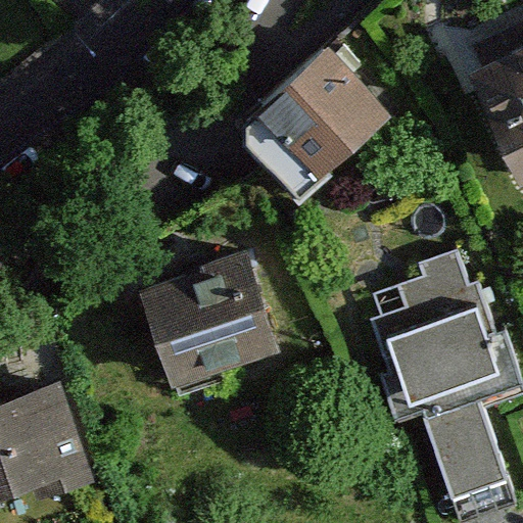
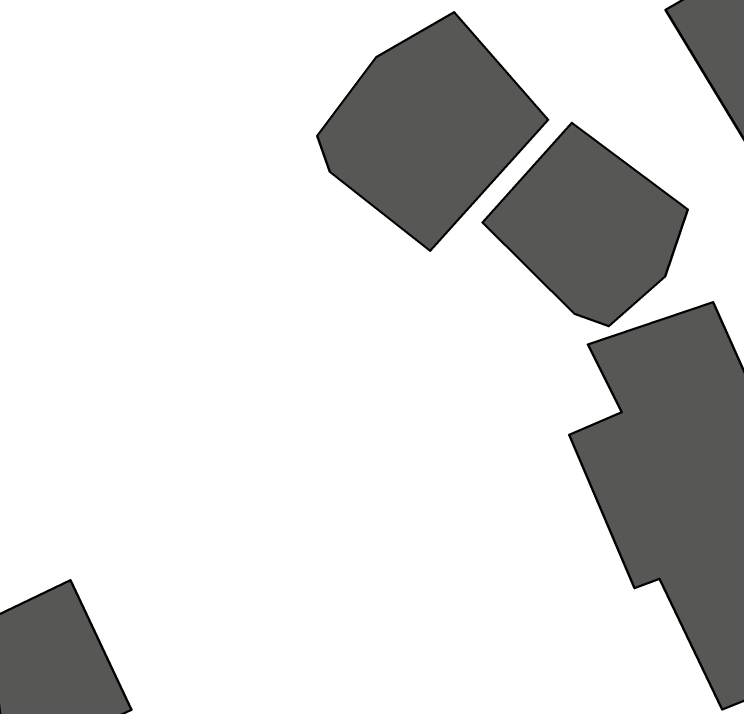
building: none -> [482,123,688,326]
building: [135,251,272,388] -> none

